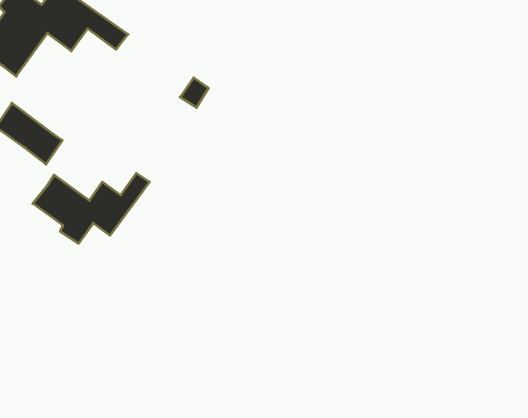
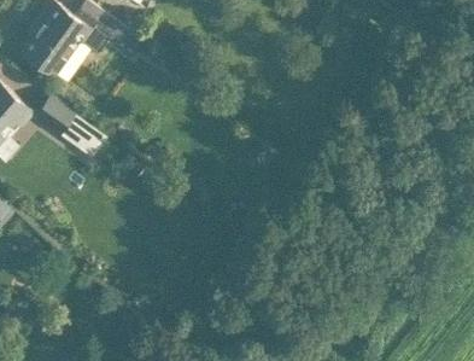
building: [33,173,149,243] -> none

